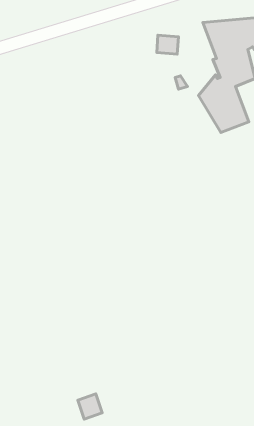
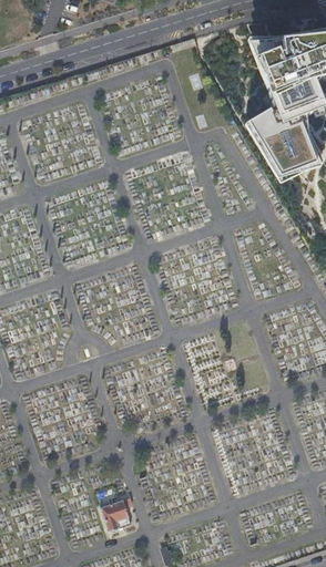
building: [157,35,178,54] -> none

